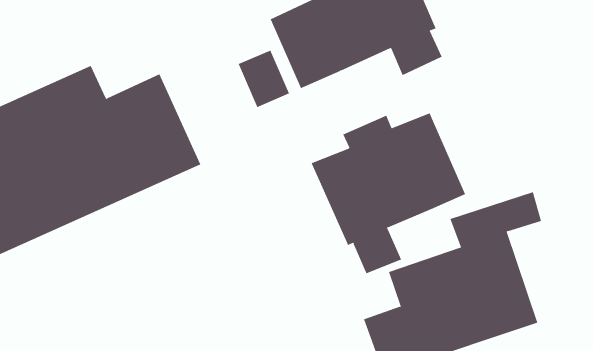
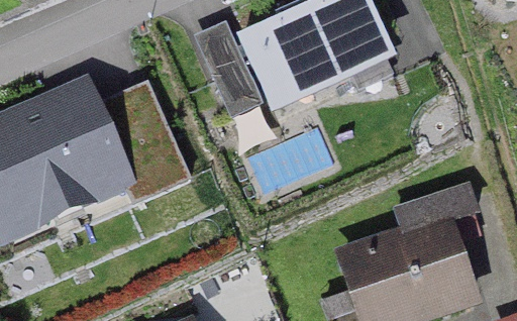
building: [311,112,466,274] -> none

